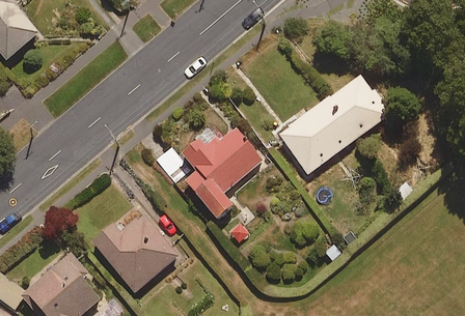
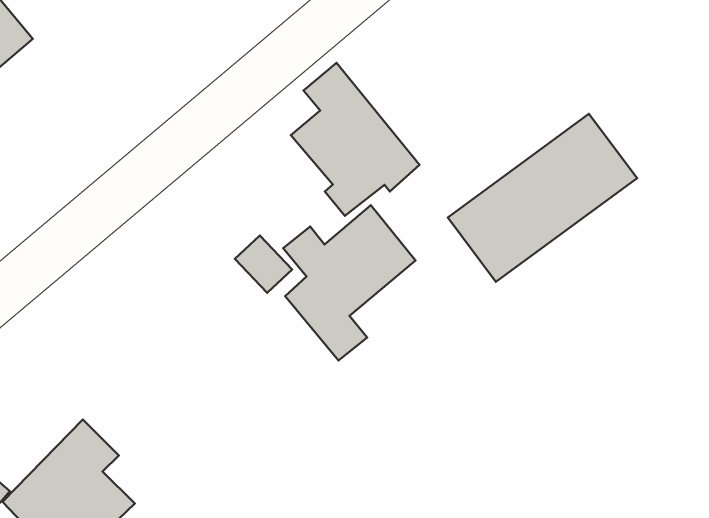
building: none -> [291,63,419,216]
building: [89,213,177,292] -> none

